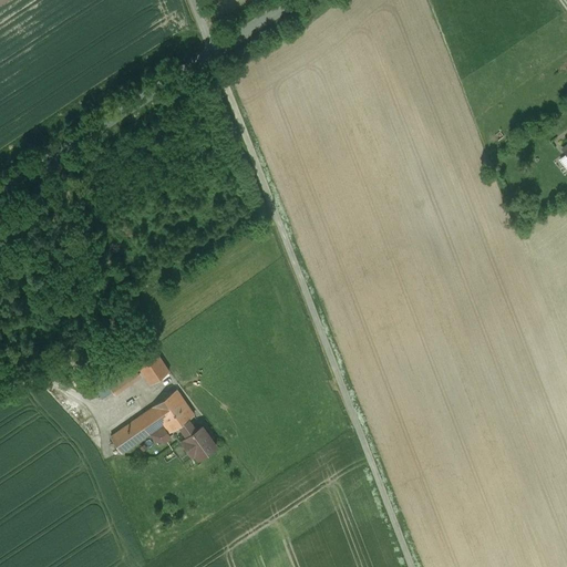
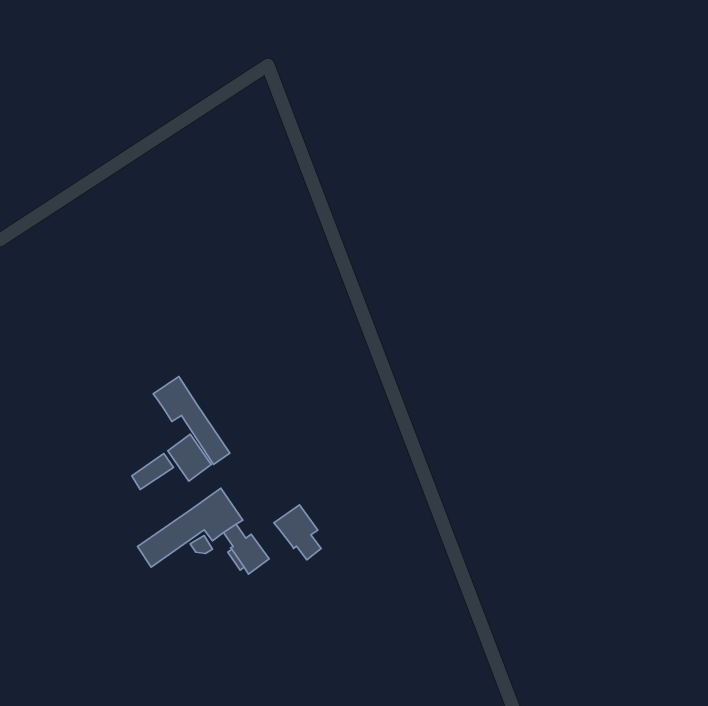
building: none -> [153,377,230,465]
building: none -> [274,505,321,560]

